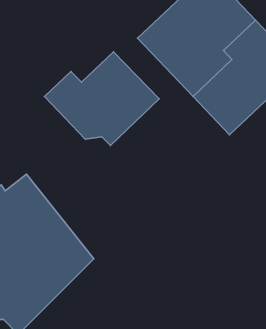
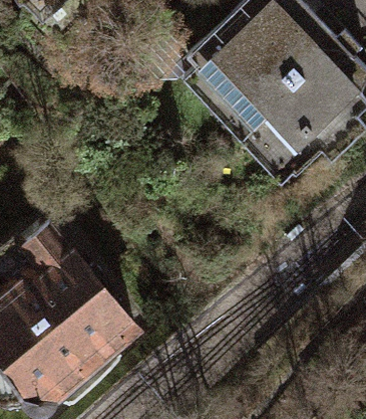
building: [44,52,159,146] -> none

